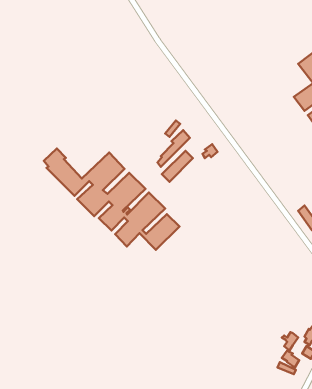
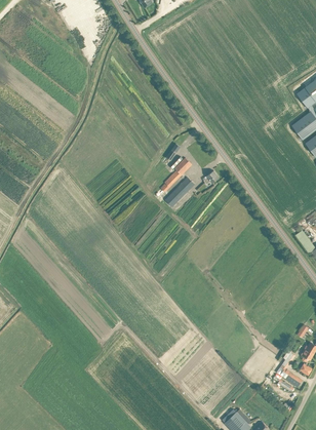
building: [44,148,179,250] -> none

